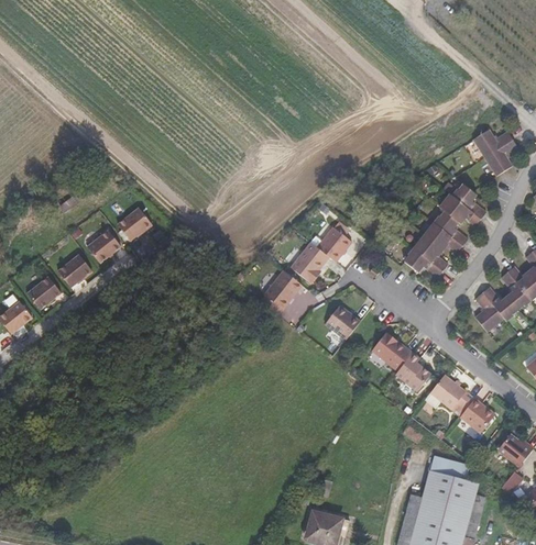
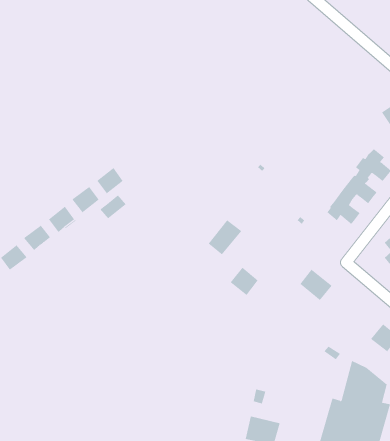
building: [316,226,350,262] -> none
building: none -> [99,195,127,219]
building: [289,248,322,283] -> none
building: [324,304,359,340] -> [230,267,258,296]
building: [394,352,429,390] -> none
building: [428,374,473,410] -> none

